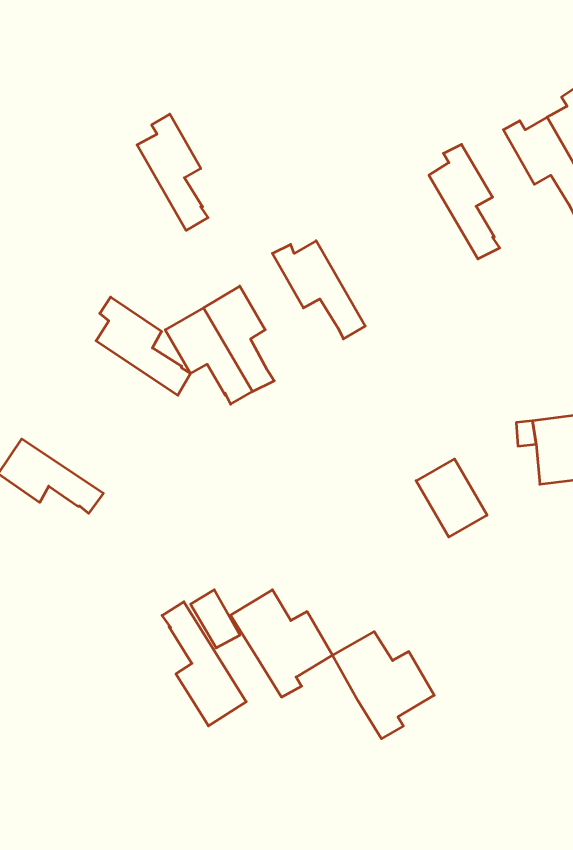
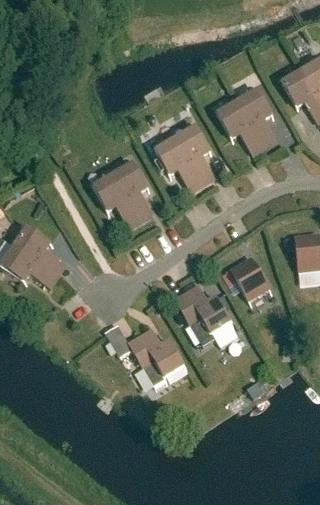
building: [137,114,208,230] -> [175,119,214,183]
building: none -> [213,100,264,153]
building: [96,297,191,395] -> [13,221,65,275]
building: [162,602,246,726] -> none
building: [332,632,434,739] -> [175,285,231,344]

